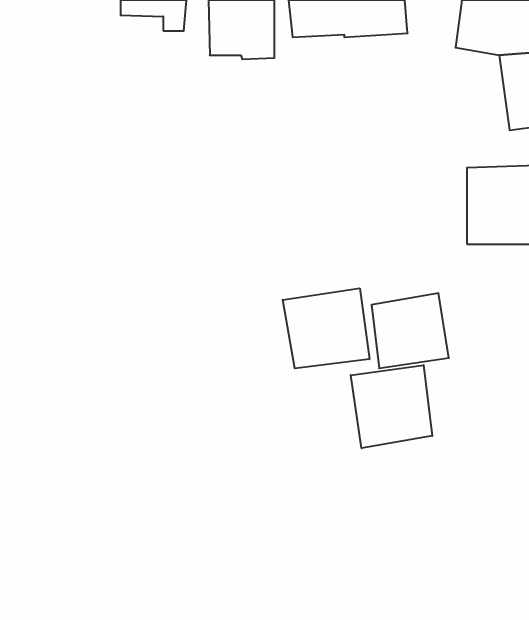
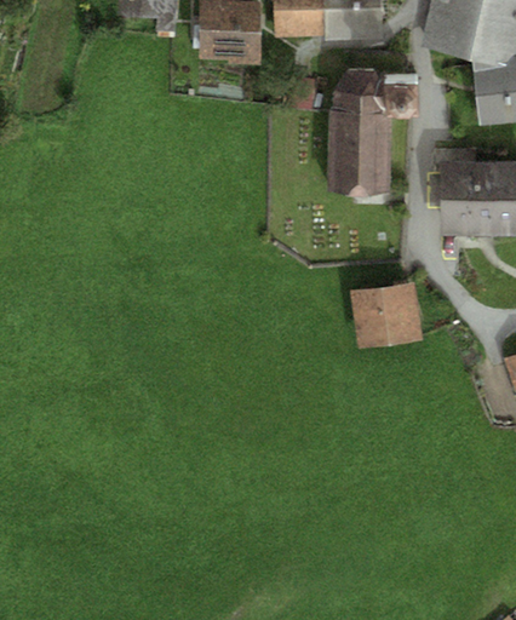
building: none -> [327,62,419,186]
building: [283,288,369,368] -> none
building: [351,365,432,448] -> none

